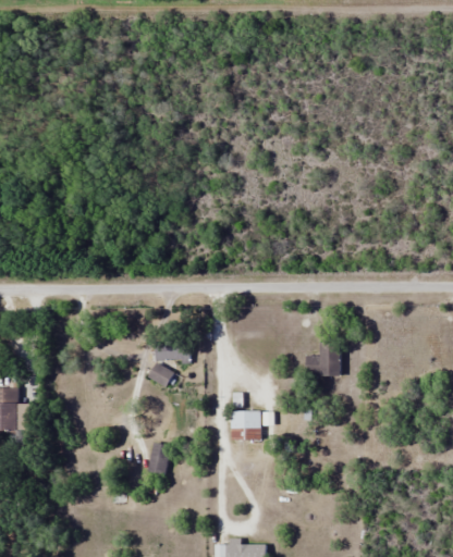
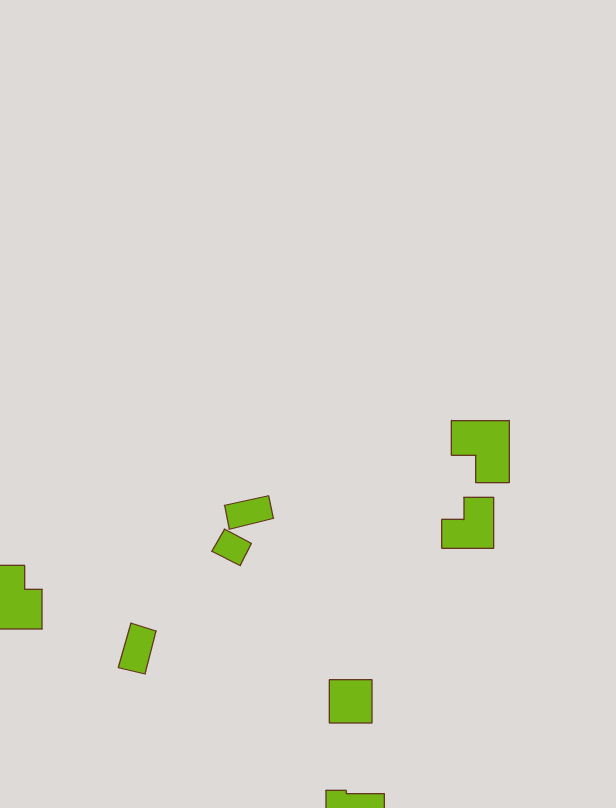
building: none -> [452,420,509,483]
building: [231,411,260,441] -> [329,680,372,723]
building: [146,442,172,476] -> [118,623,156,674]

